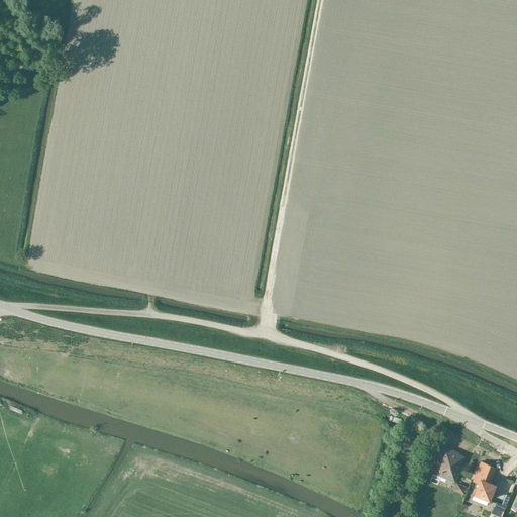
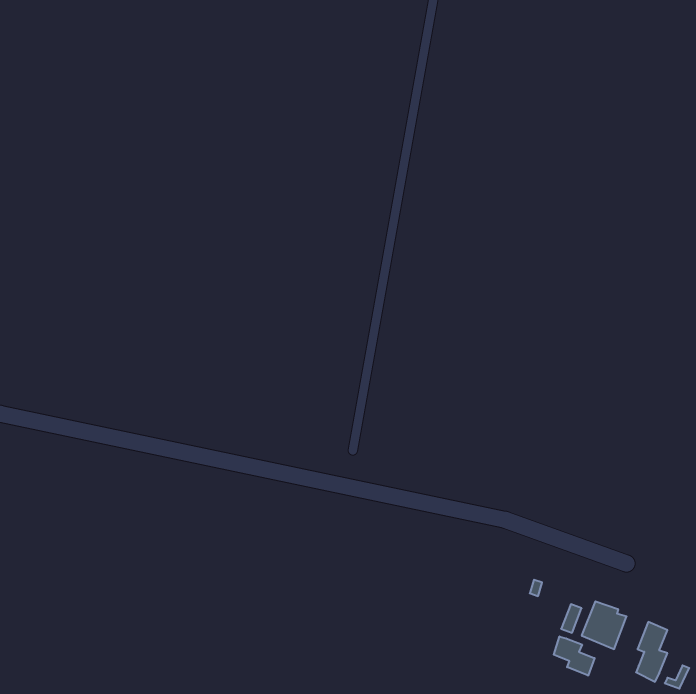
building: none -> [554,636,595,676]

